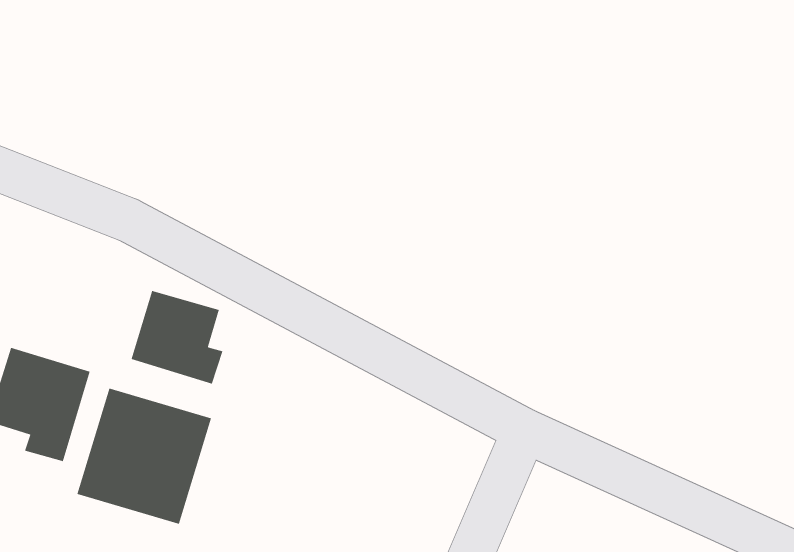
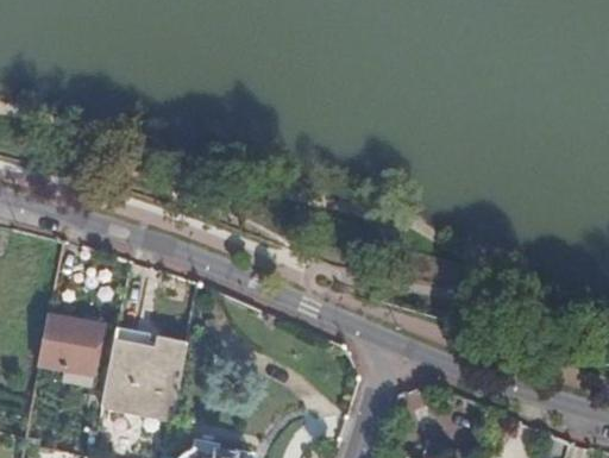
building: [131,290,223,385] -> none

